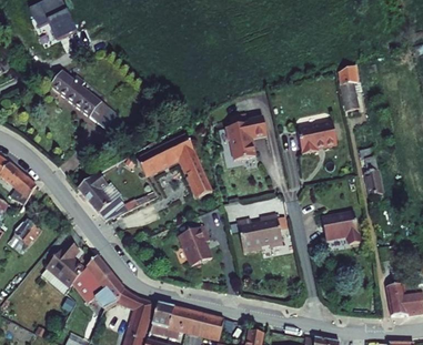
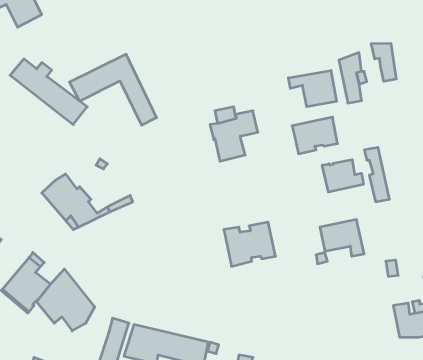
building: none -> [371,43,396,81]
building: none -> [288,70,337,107]
building: [135,133,212,195] -> [69,54,157,125]
building: none -> [322,160,363,192]
building: [178,224,211,265] -> none

